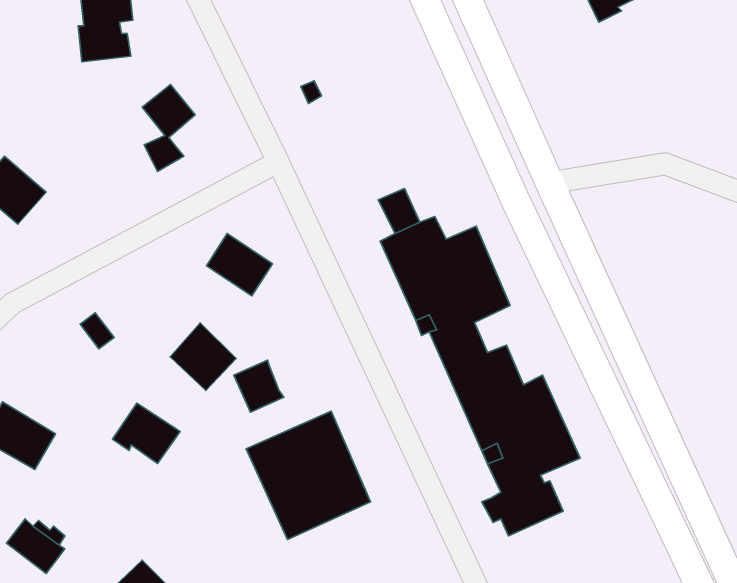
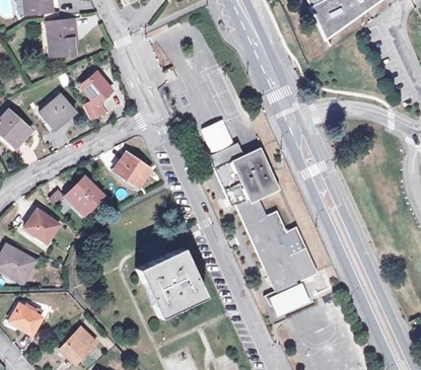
building: none -> [41,95,74,129]
building: [170,323,236,391] -> [68,174,103,211]
building: [234,360,284,412] -> none
building: [112,403,180,464] -> [28,210,65,242]

